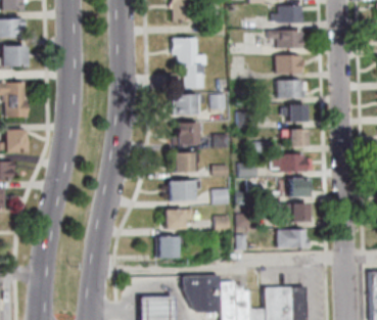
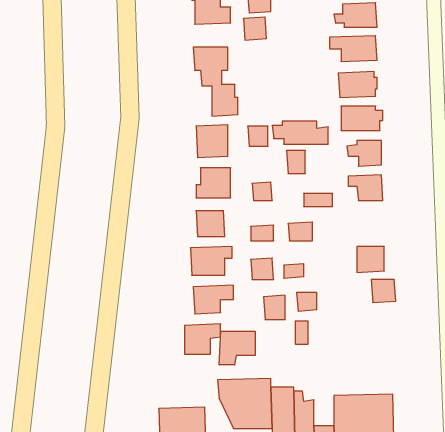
building: [272,154,312,171] -> [272,121,328,144]
building: [284,228,316,247] -> none
building: none -> [219,331,255,365]

